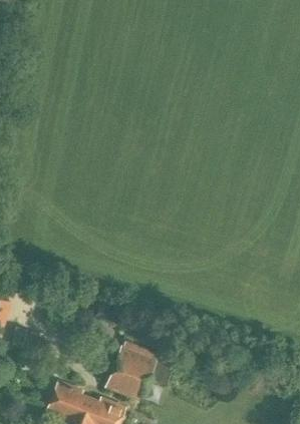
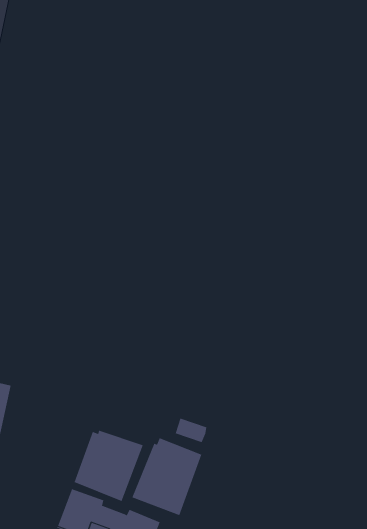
building: none -> [74,430,143,502]

